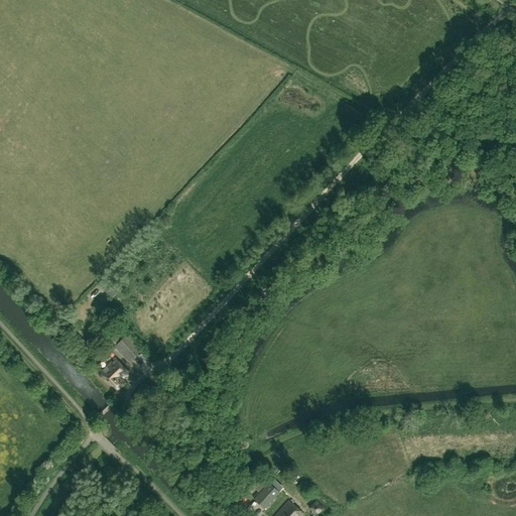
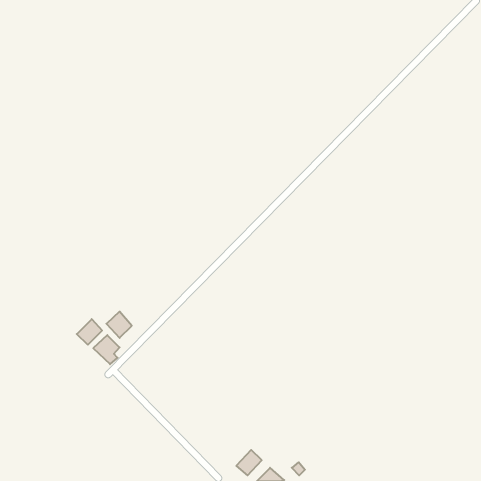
building: none -> [77,319,102,345]

